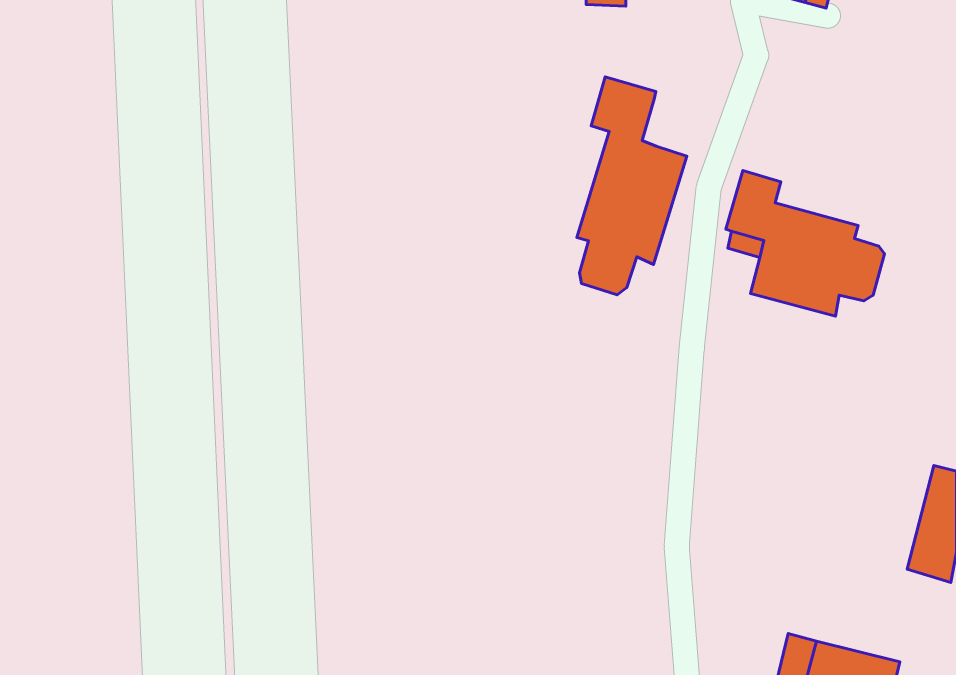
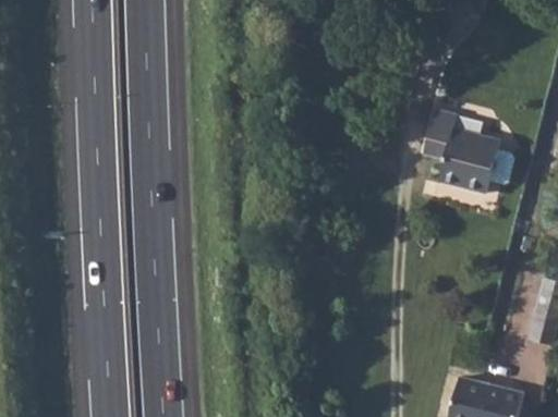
building: [577,77,687,295] -> none

